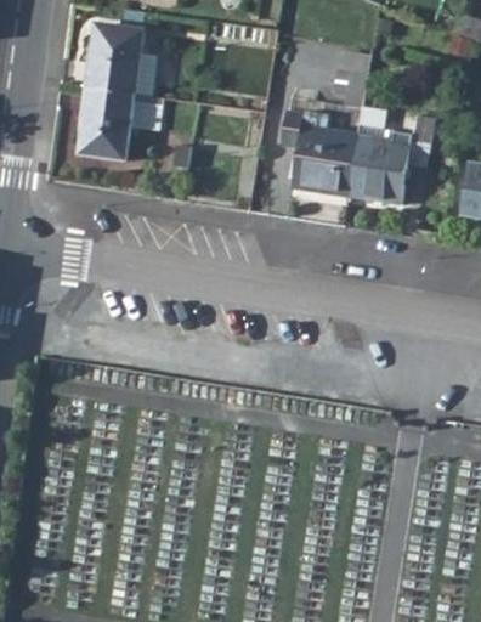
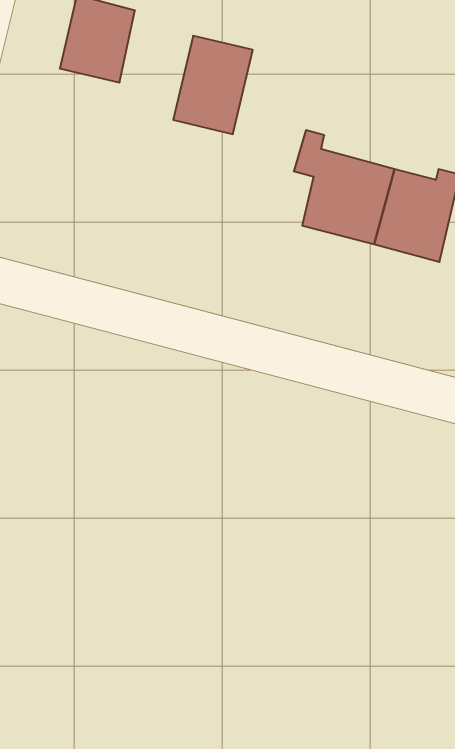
building: [80,85,136,158] -> [173,36,253,134]

